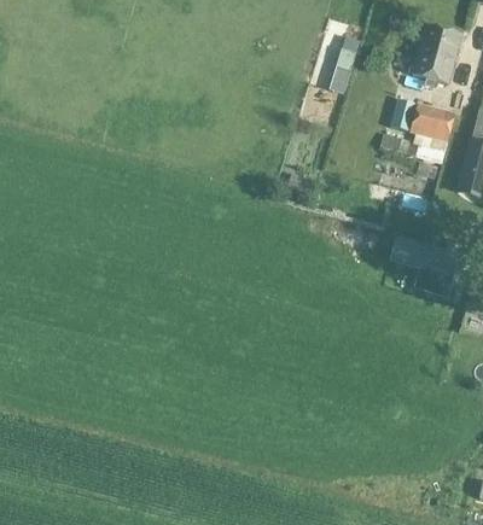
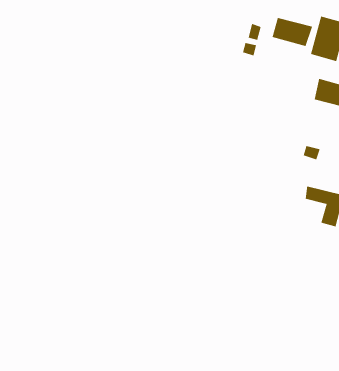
building: none -> [272,17,313,47]

